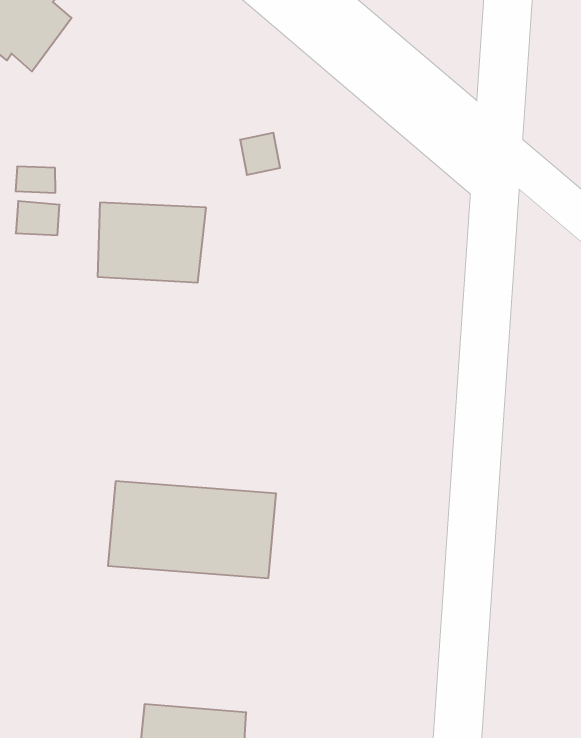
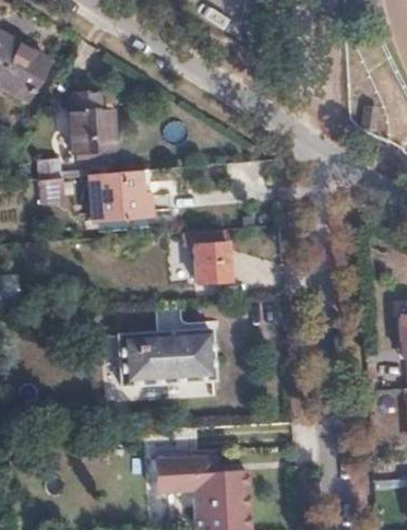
building: none -> [68,110,113,152]
building: none -> [170,229,229,281]

